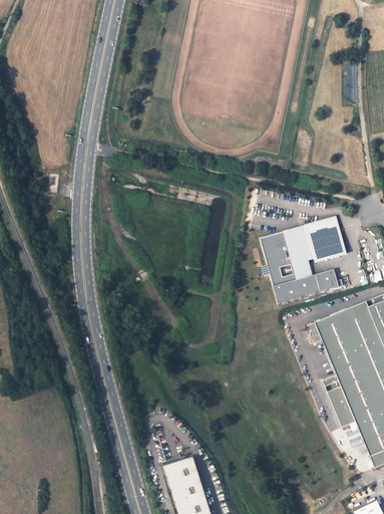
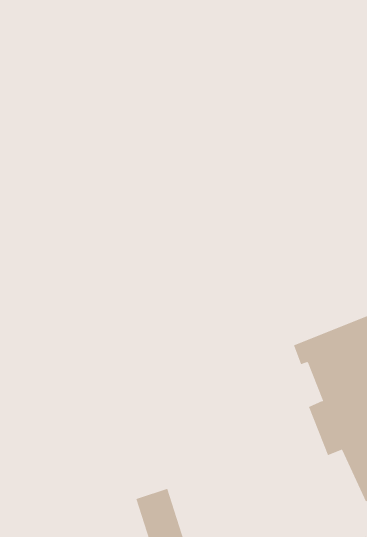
building: [261,217,344,303] -> none

